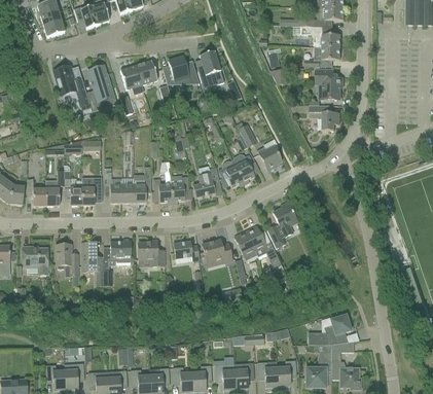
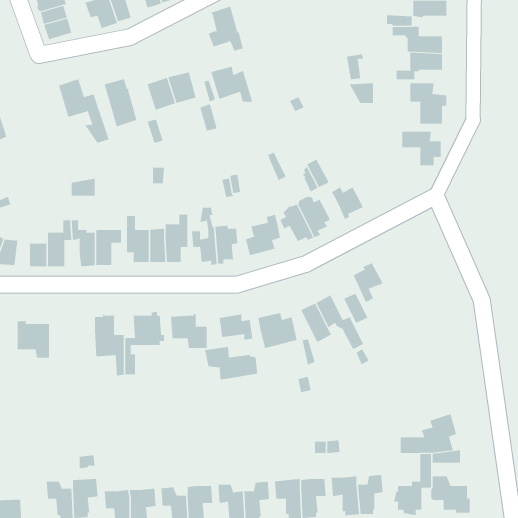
building: [197,50,224,84] -> [208,6,244,51]
building: [56,245,79,277] -> none
building: none -> [205,346,258,381]

